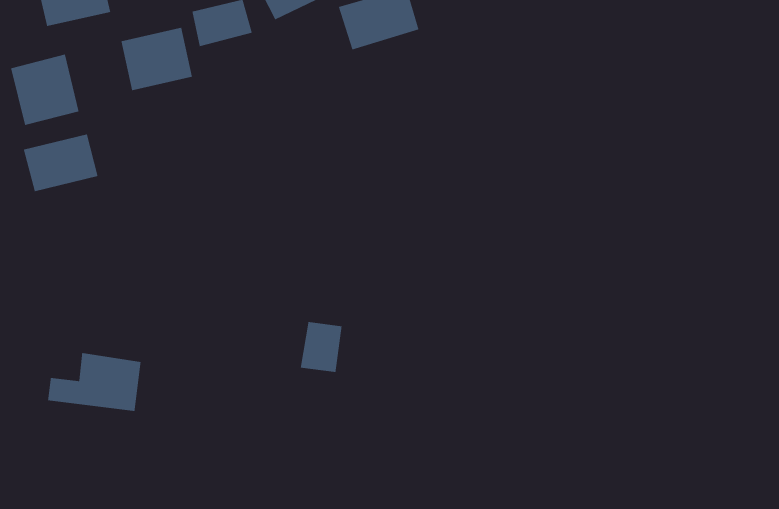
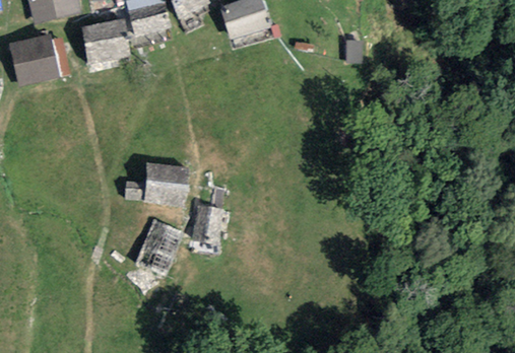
building: [23,134,98,192] -> none
building: none -> [140,221,182,267]
building: [47,352,141,412] -> [126,164,187,203]

